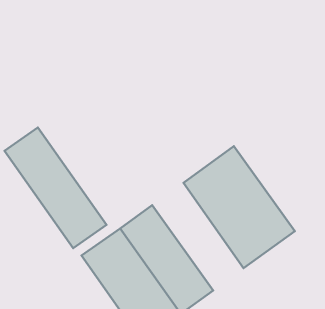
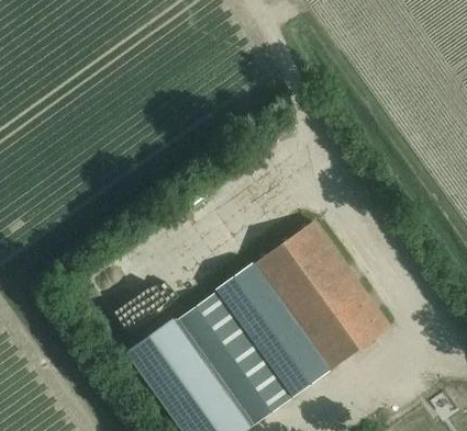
building: [4,127,107,248] -> none
building: none -> [214,265,326,397]

